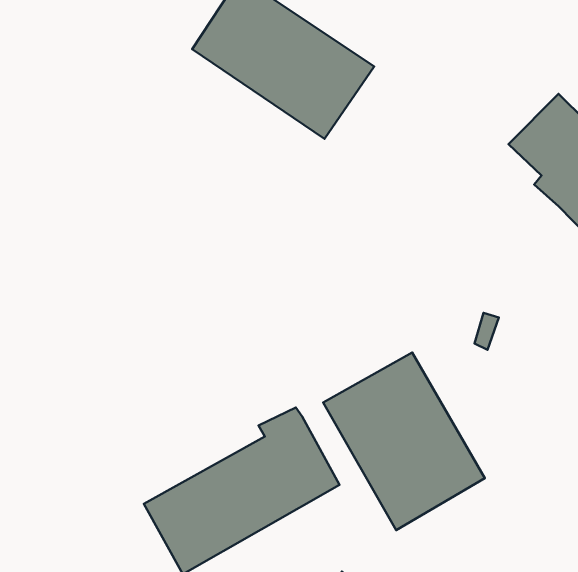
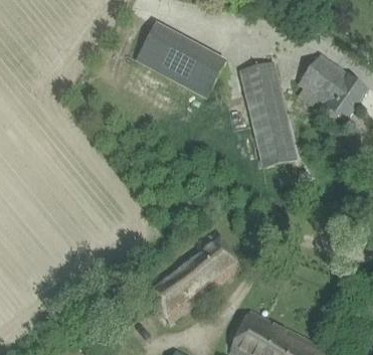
building: none -> [238,61,298,169]
building: [323,352,485,530] -> none

